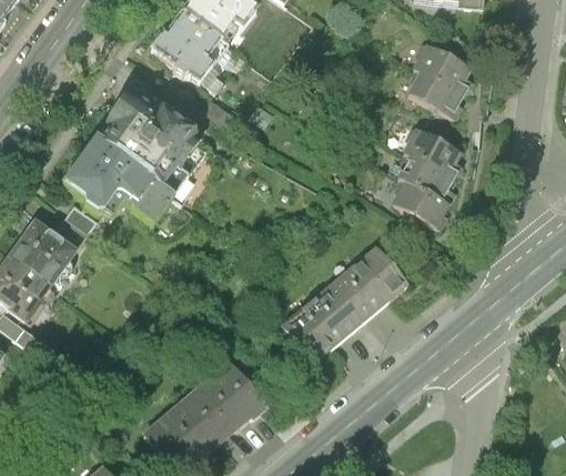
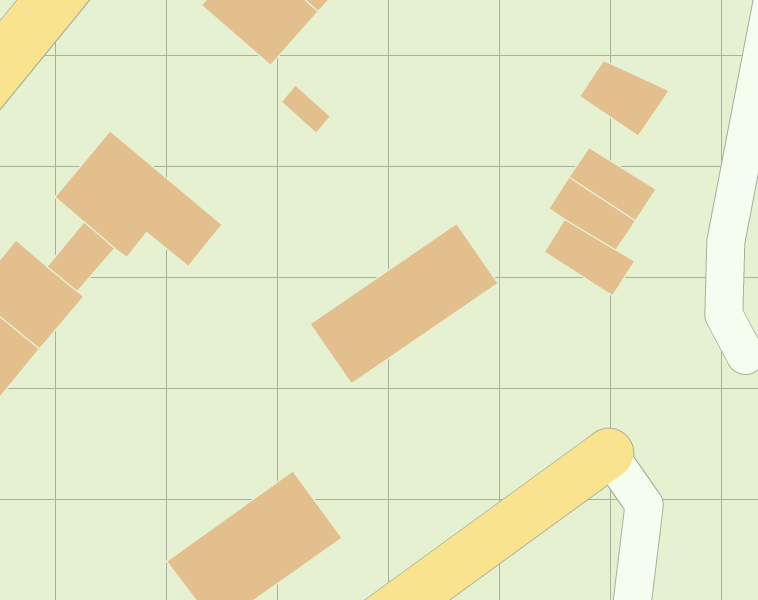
building: [415,41,473,82] -> none
building: [90,85,209,196] -> none
building: [284,245,411,359] -> [310,223,498,384]

